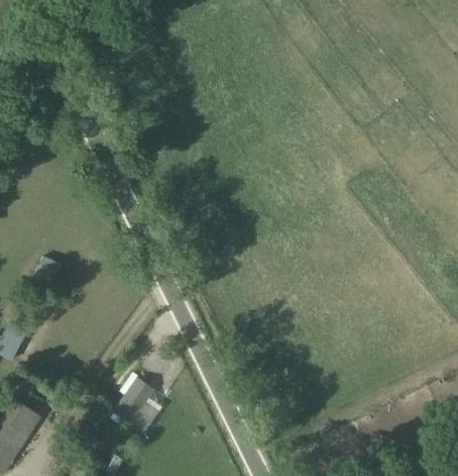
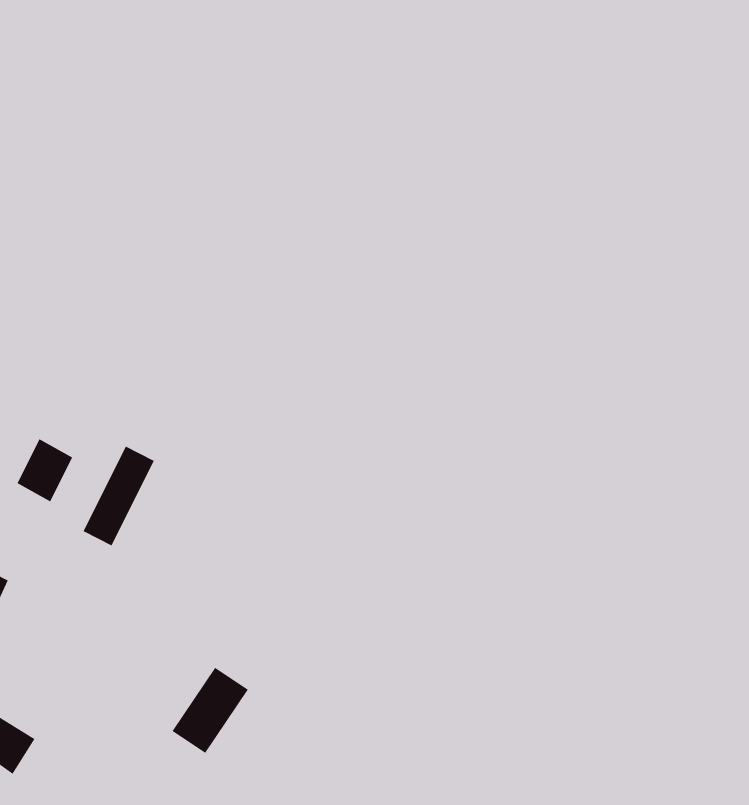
building: none -> [83,446,155,547]

